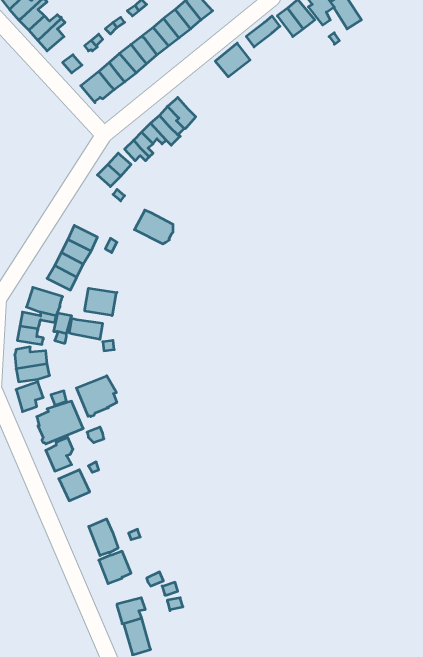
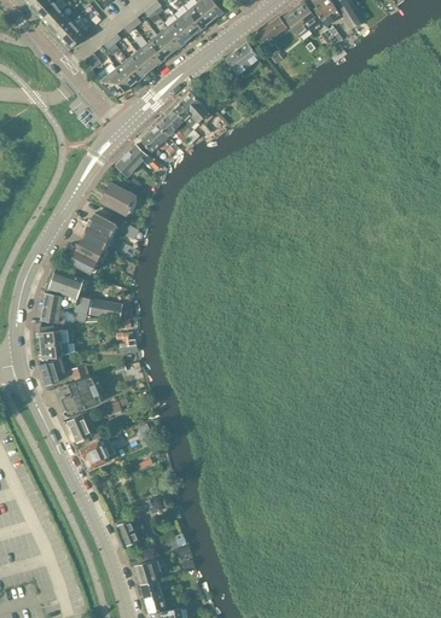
building: [134,210,173,244] -> [100,182,137,214]
building: [85,288,117,316] -> none
building: [76,376,117,417] -> none
building: [89,519,118,556] -> none

